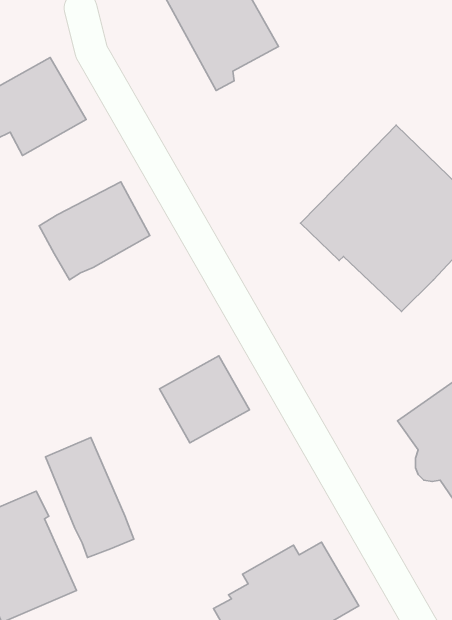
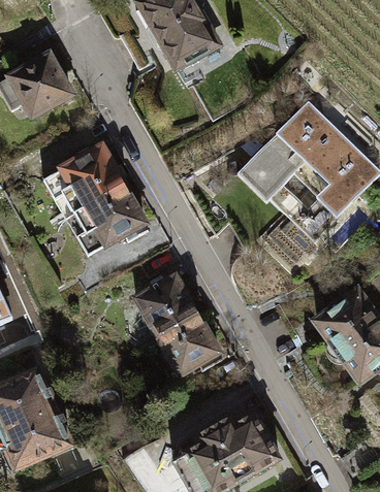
building: none -> [65,184,150,260]
building: none -> [155,314,223,381]
building: [45,437,134,557] -> none

